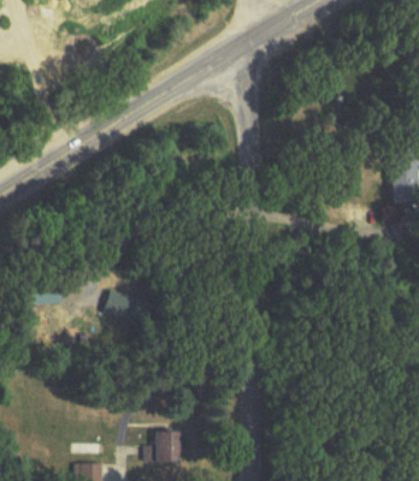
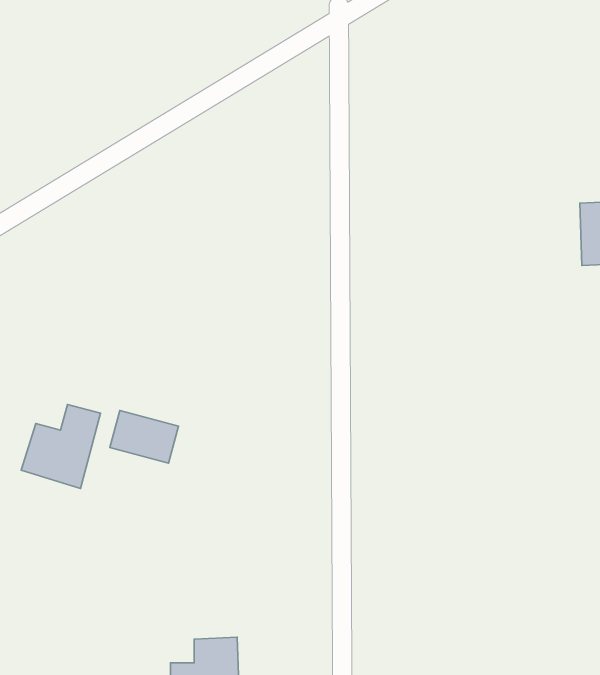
building: none -> [21,405,100,488]

